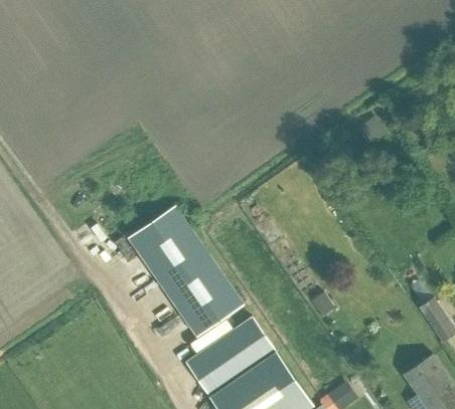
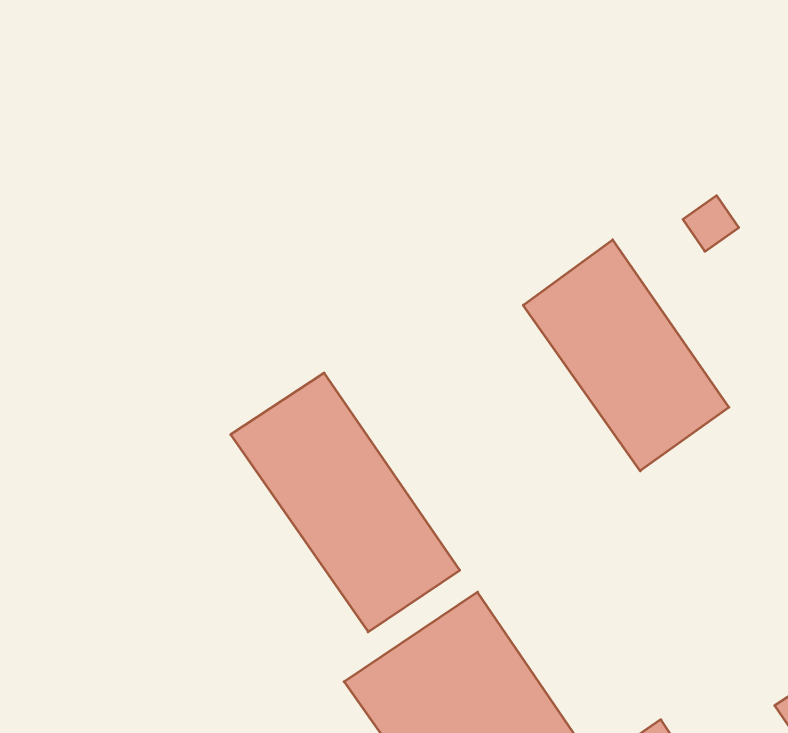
building: none -> [523,240,729,471]

